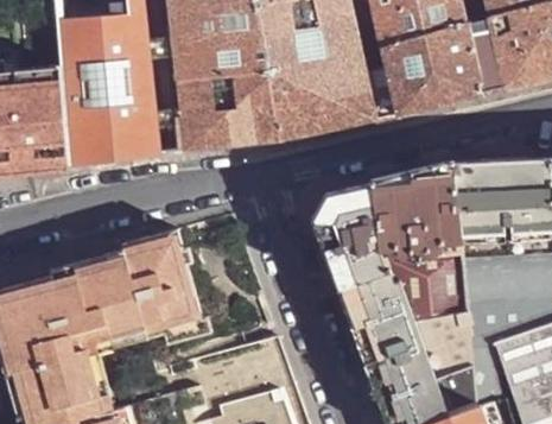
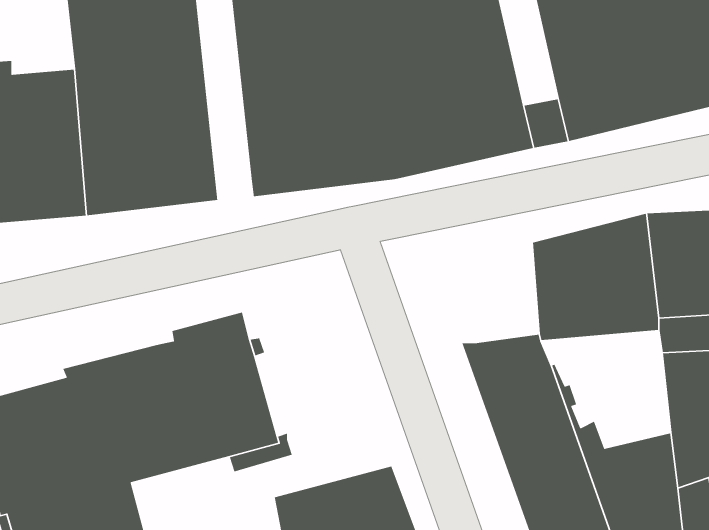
building: [315,185,380,254] -> none
building: [381,246,470,327] -> none

